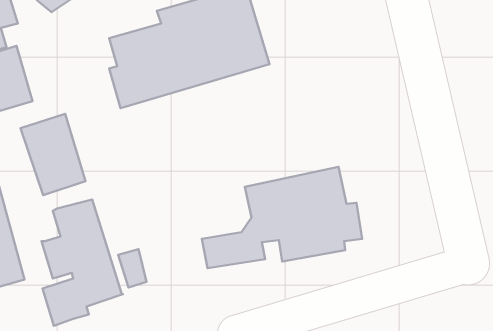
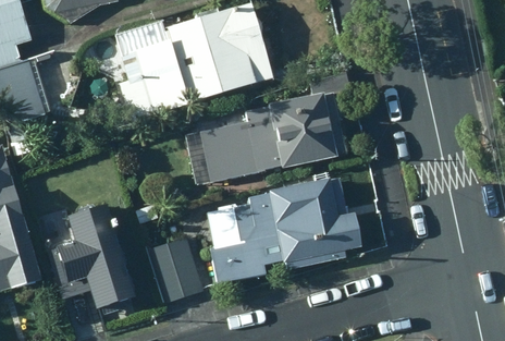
building: none -> [186,87,347,182]
building: [20,114,85,195] -> none
building: none -> [148,234,202,300]

